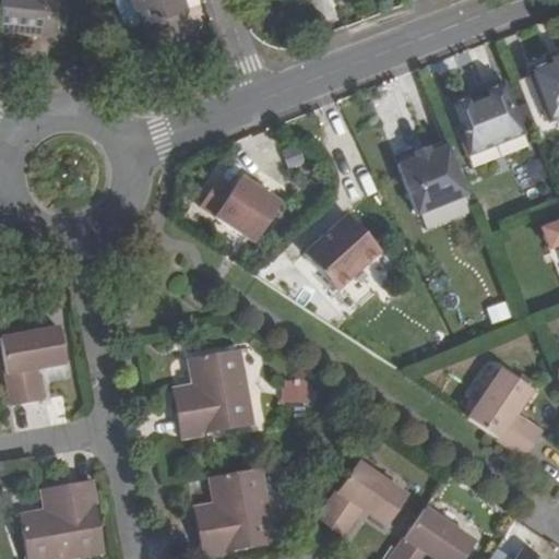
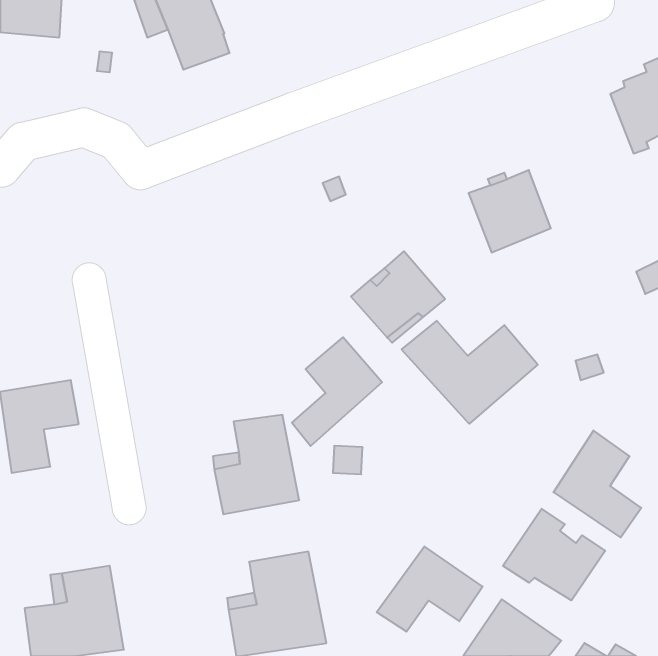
building: [447,81,524,155] -> none
building: [202,173,283,240] -> none
building: none -> [402,321,538,424]
building: none -> [292,337,382,446]
building: none -> [503,509,605,600]

